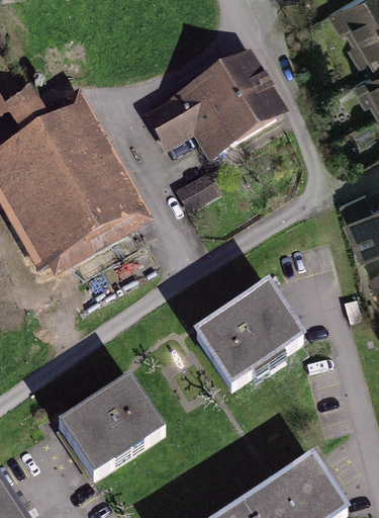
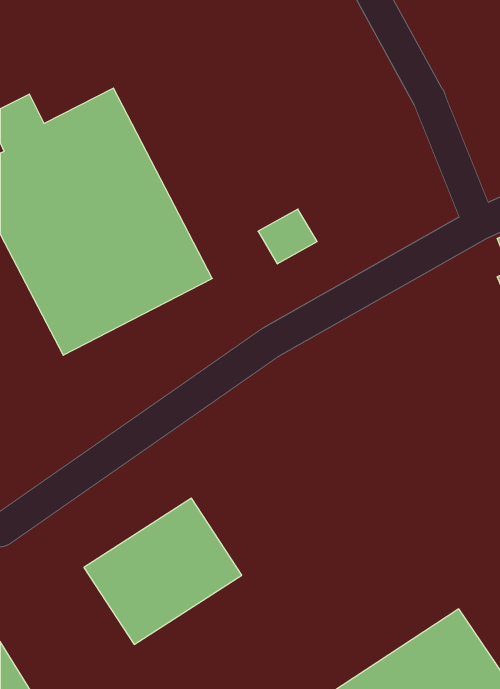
building: [150,55,285,178] -> none
building: [198,281,306,382] -> none

